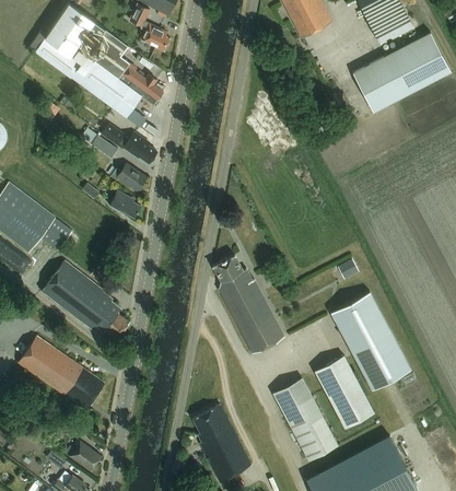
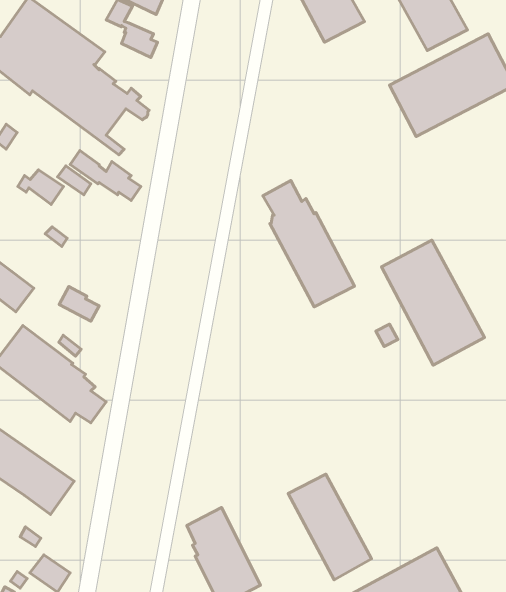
building: [110,164,147,191] -> [18,170,64,205]
building: [109,191,141,219] -> [59,286,99,321]
building: [212,255,284,354] -> [263,181,355,307]
building: [330,292,411,390] -> [382,240,484,365]
building: [314,355,374,429] -> none

